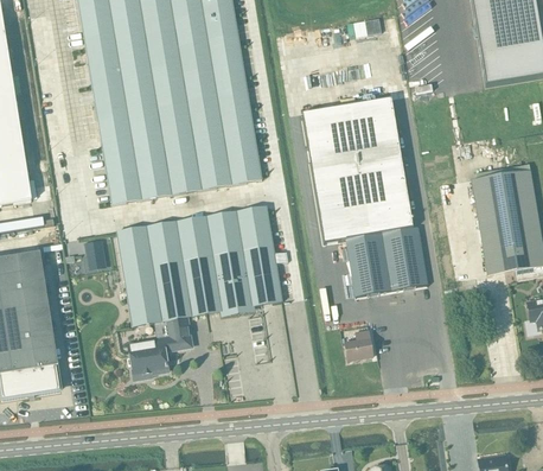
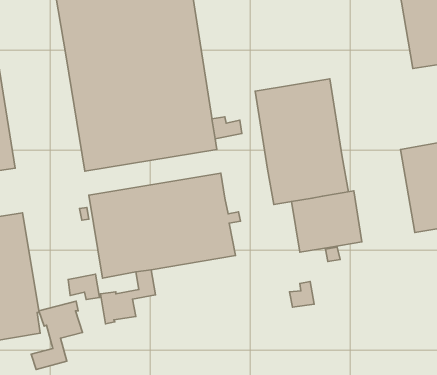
building: none -> [212,117,242,139]
building: none -> [68,274,100,300]
building: none -> [31,301,82,370]

